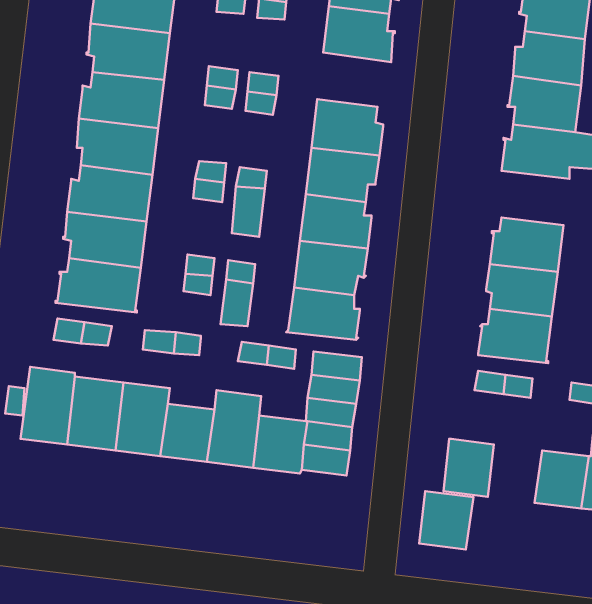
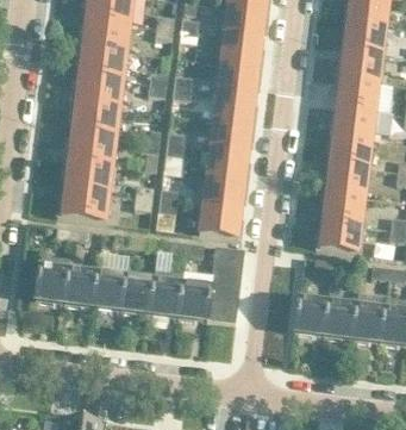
building: none -> [218,61,263,94]
building: none -> [327,133,373,167]
building: [419,491,474,549] -> [323,301,356,337]

